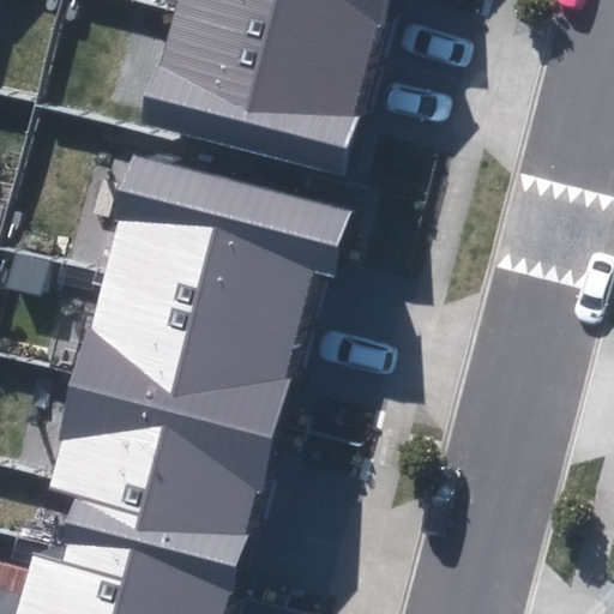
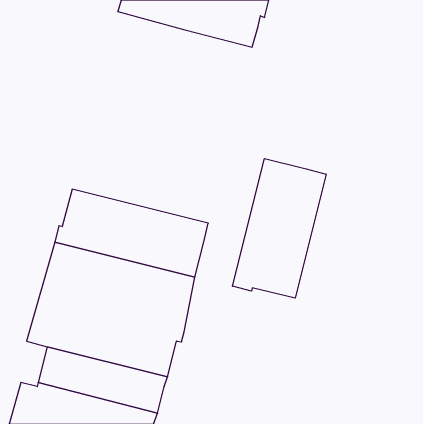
building: [144,17,365,173] -> none
building: [104,156,343,323] -> none
building: none -> [232,159,326,298]

